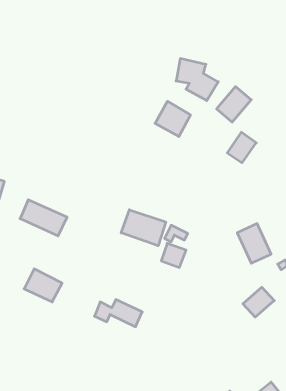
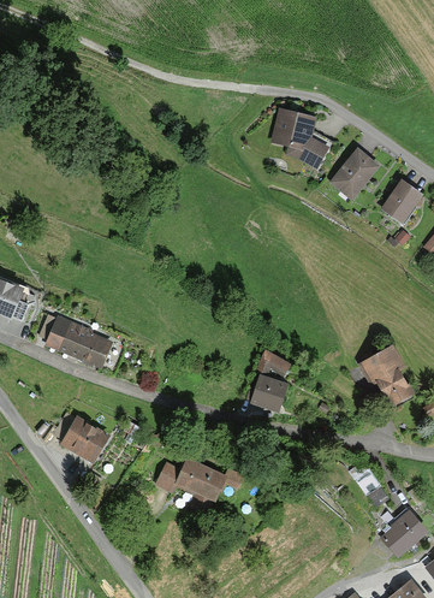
building: [155,101,190,137] -> none
building: [227,132,256,163] -> [382,180,424,225]
building: [121,210,166,246] -> none
building: [243,287,274,317] -> [377,513,423,556]

